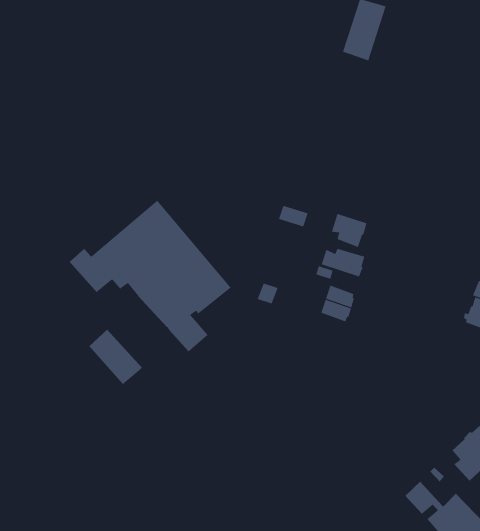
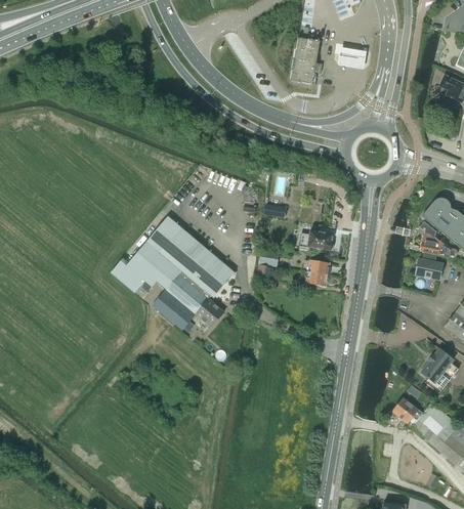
building: none -> [337,46,366,68]
building: [331,213,367,248] -> none
building: [88,329,143,385] -> [152,289,196,330]

